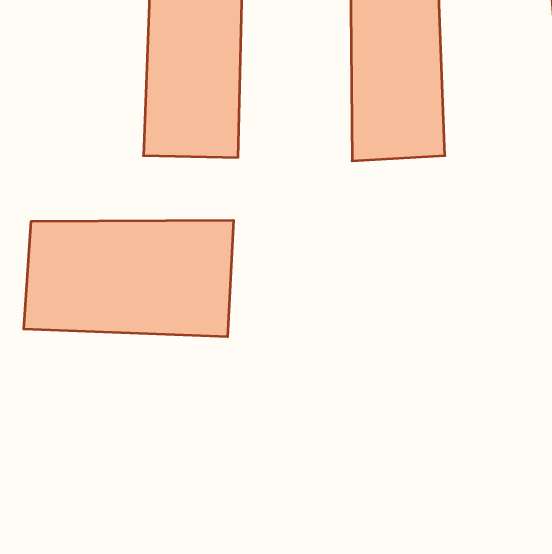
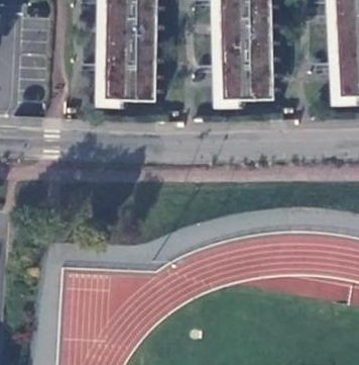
building: [24,220,233,337] -> none

